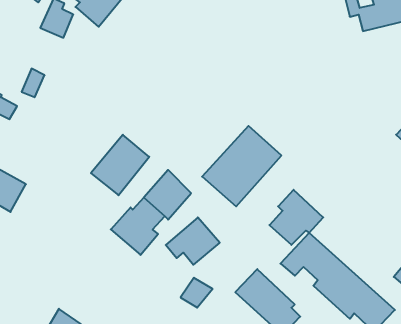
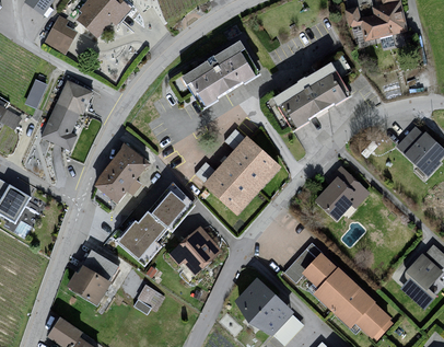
building: none -> [184,42,262,109]
building: none -> [276,62,350,130]
building: none -> [40,80,94,150]
building: [269,190,323,245] -> [315,163,369,218]
building: none -> [65,252,117,305]
building: [181,278,213,308] -> [131,286,163,315]

